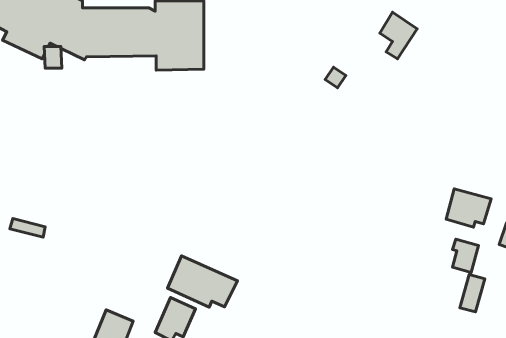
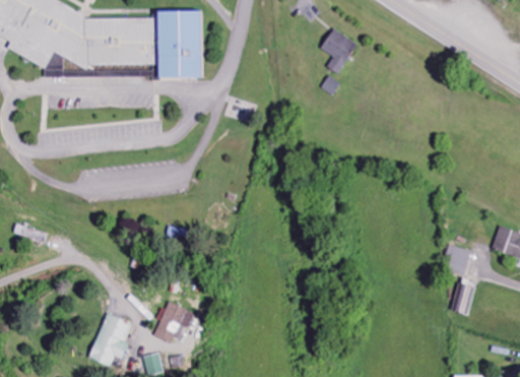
building: [380,12,417,59] -> [321,28,358,74]
building: [446,189,491,227] -> none
building: [168,256,237,307] -> none

